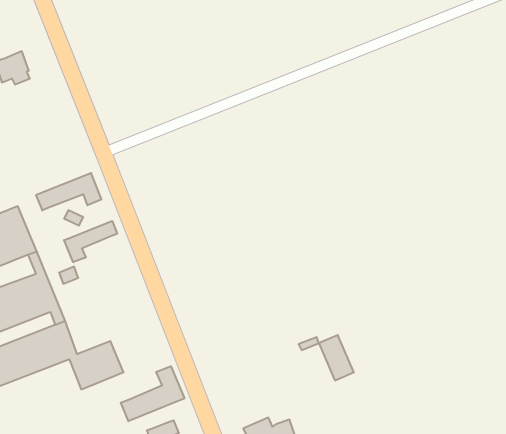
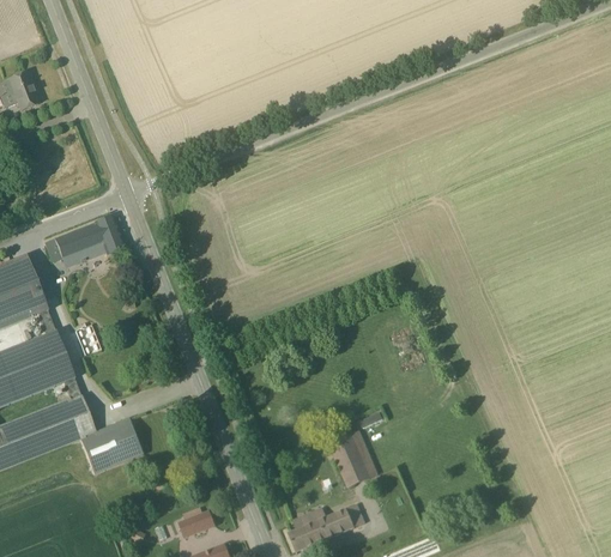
building: [64,221,117,262] -> none
building: [319,335,354,380] -> [327,434,369,488]
building: [121,366,184,421] -> none

